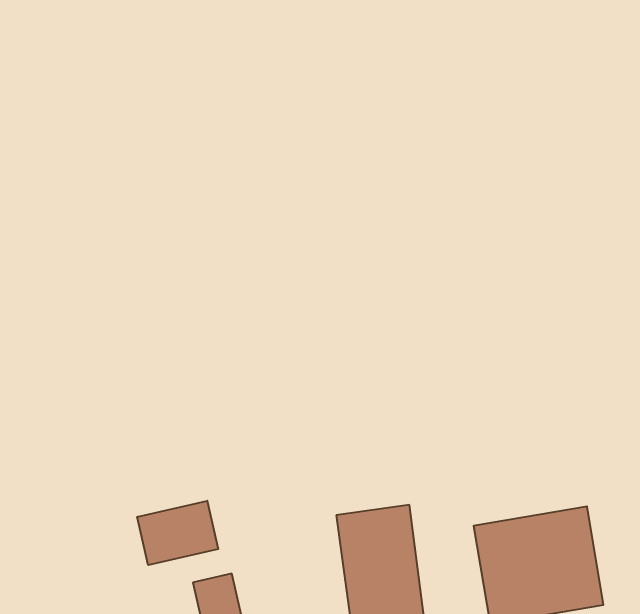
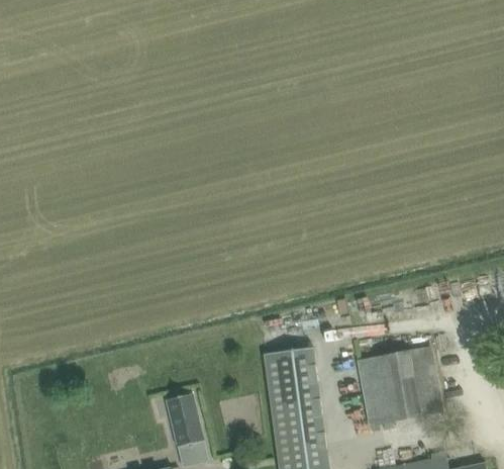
building: [137,501,218,565] -> none

